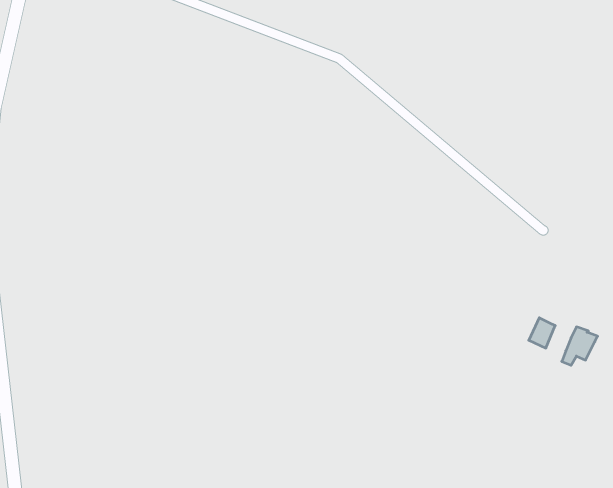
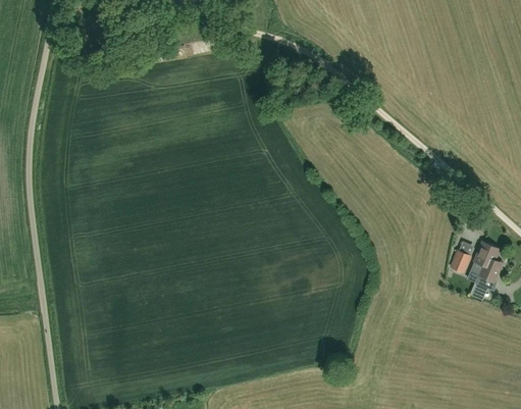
building: none -> [471,241,501,274]

